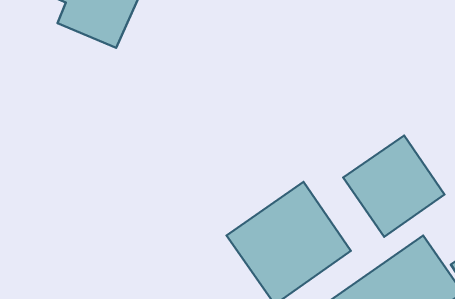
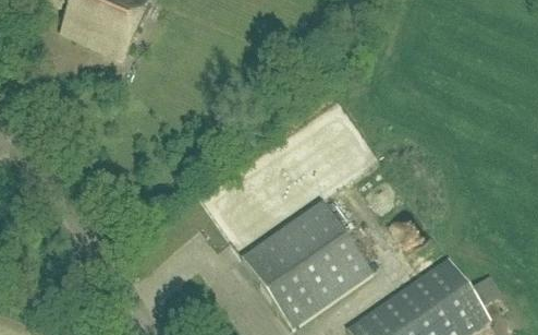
building: [343,135,445,237] -> none

